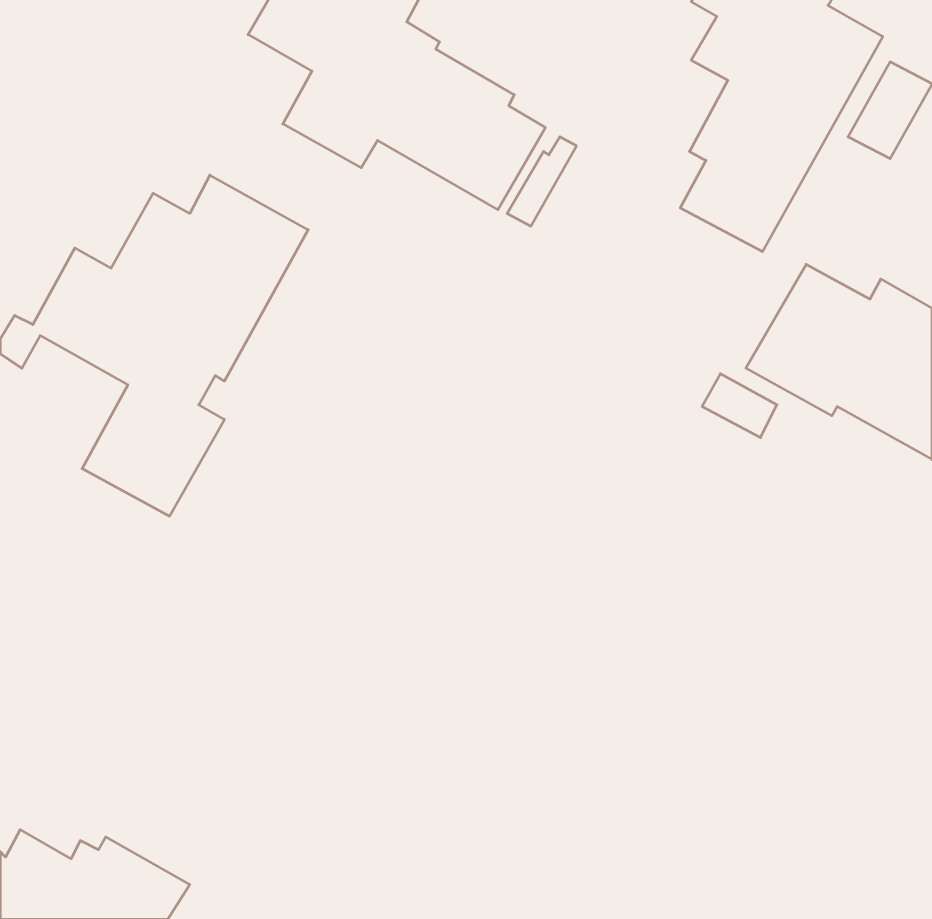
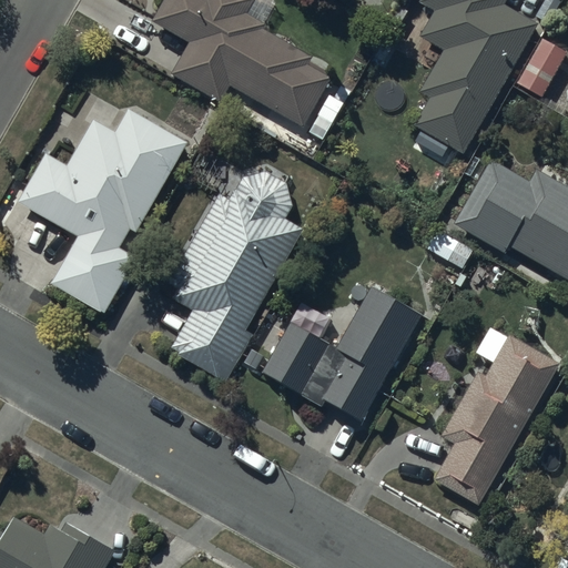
building: none -> [166,170,305,383]
building: none -> [262,286,420,422]
building: none -> [433,325,560,506]

